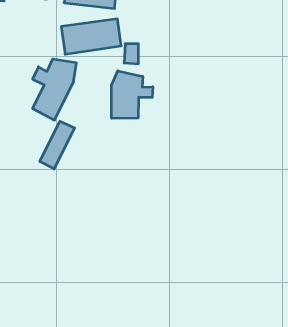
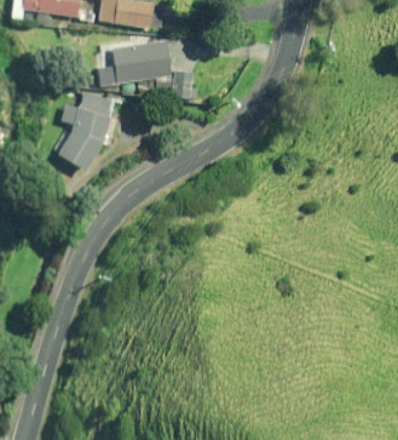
building: [112,71,153,118] -> none
building: [40,121,75,169] -> none

